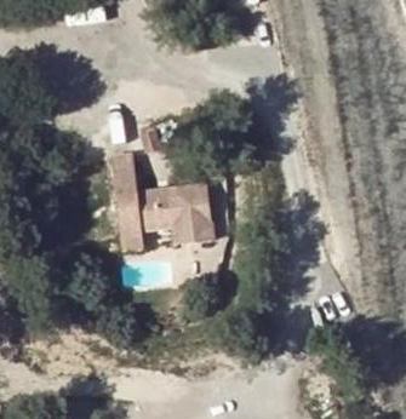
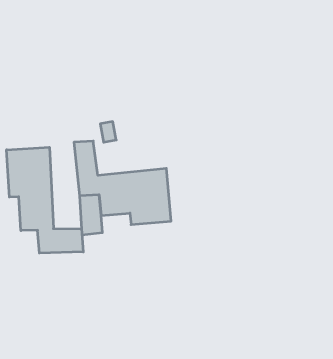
building: none -> [7,147,83,253]

